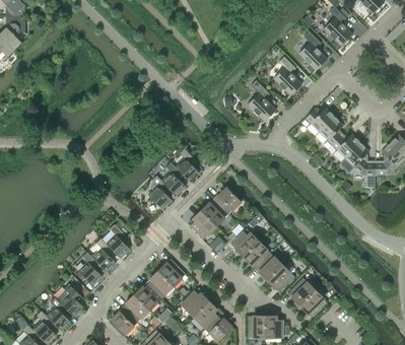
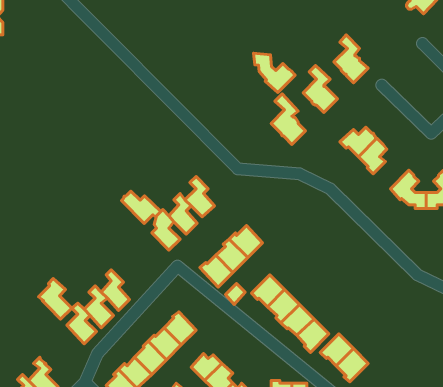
building: [324,7,352,50] -> none
building: none -> [254,53,295,92]
building: [331,134,360,158] -> none
building: none -> [121,191,161,224]
building: [57,284,84,318] -> [39,279,72,319]

